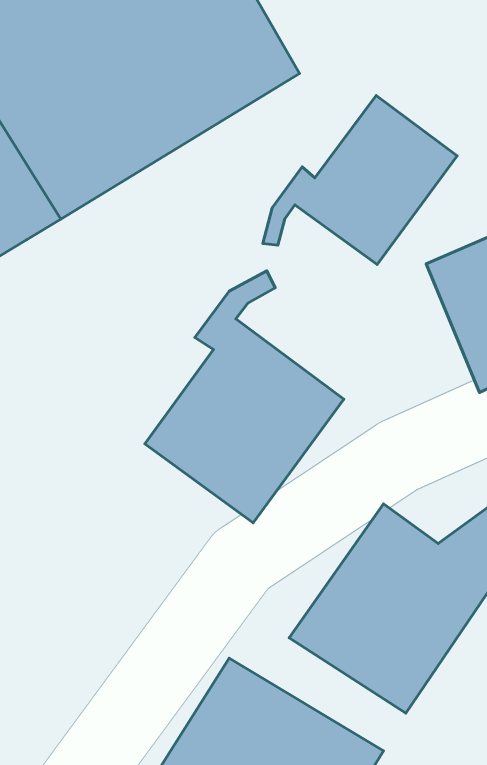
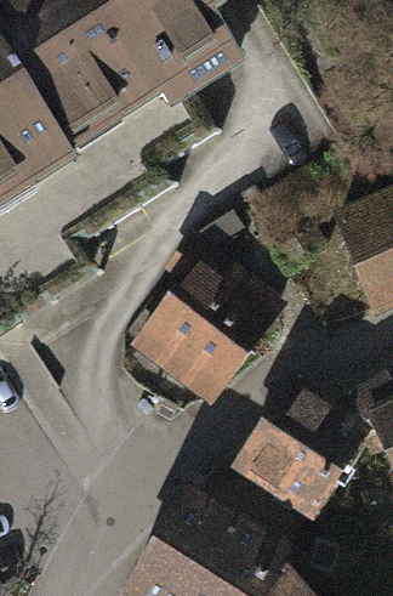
building: [263,96,457,264] -> none

